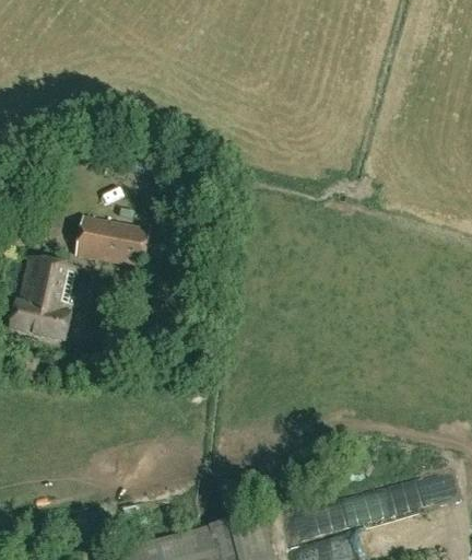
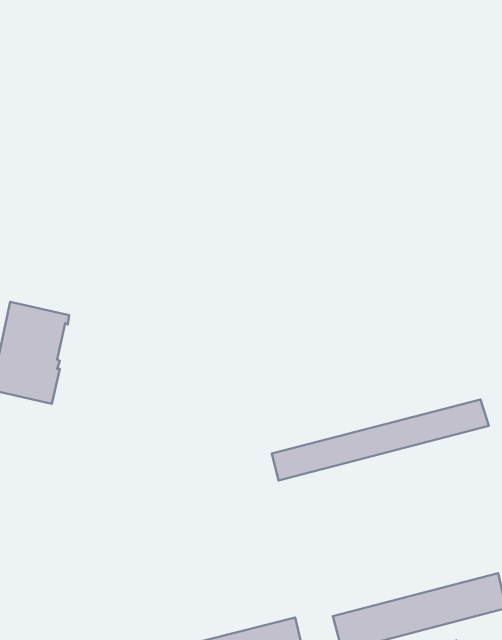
building: [74,217,149,268] -> none
building: none -> [272,399,489,481]

